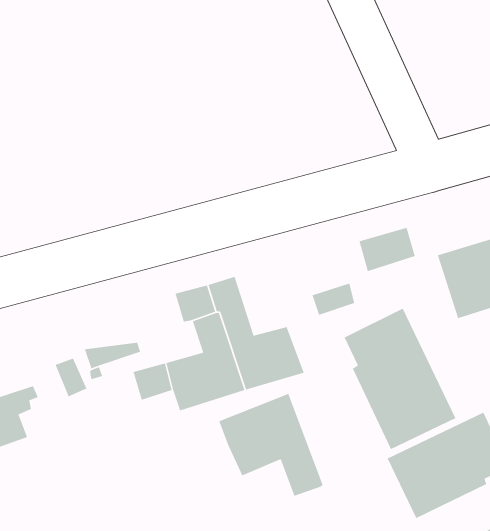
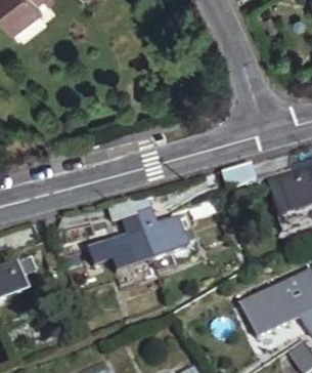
building: [344,308,457,450] -> none
building: [218,393,324,497] -> none

